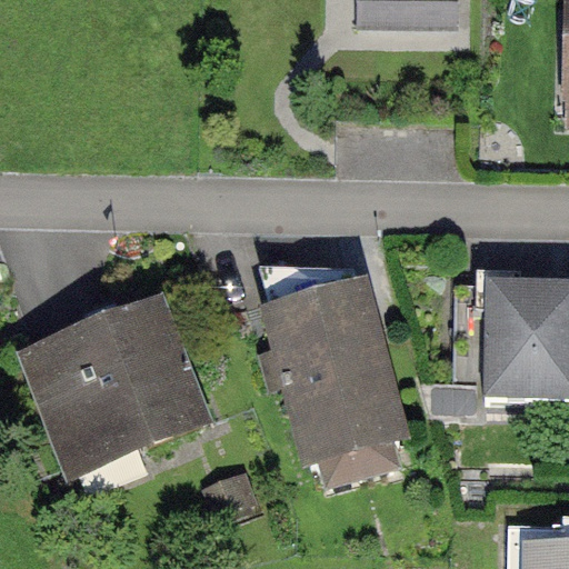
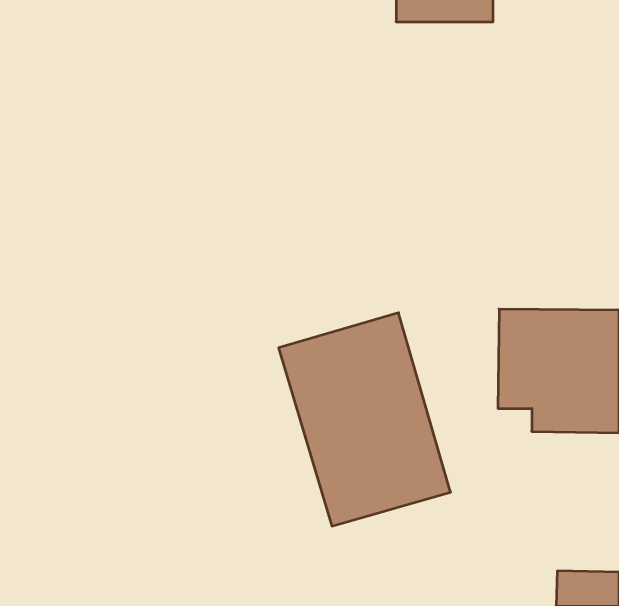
building: [23,301,219,476] -> none

